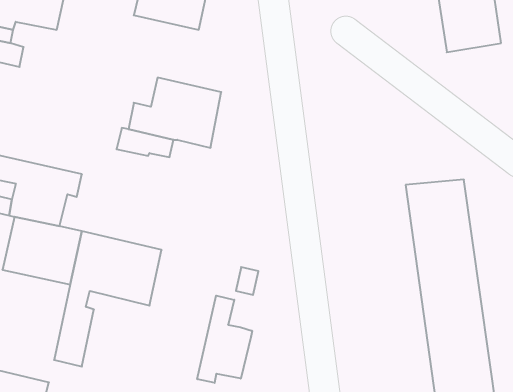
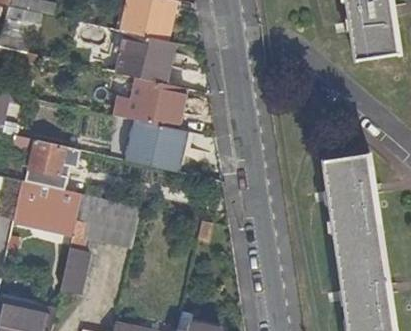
building: none -> [128,41,174,77]
building: none -> [148,124,195,175]
building: [197,296,252,383] -> none

